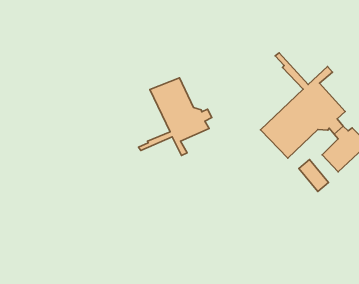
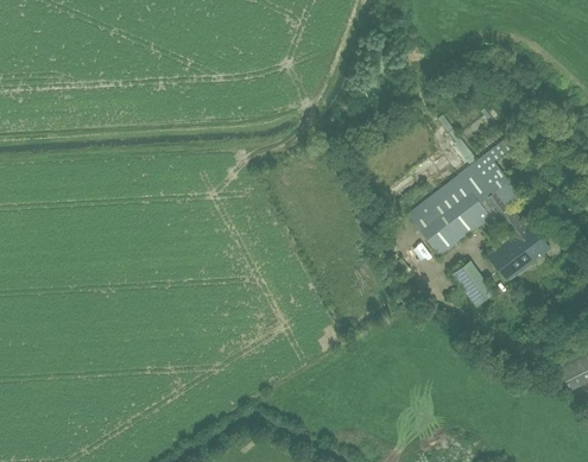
building: [138,78,212,156] -> none

